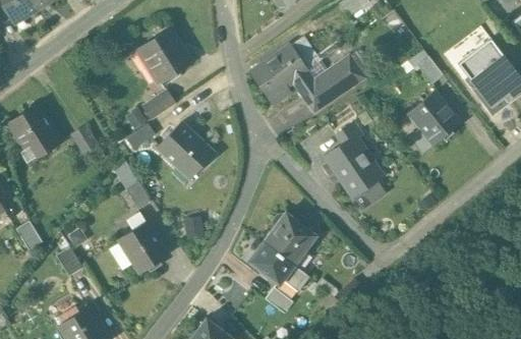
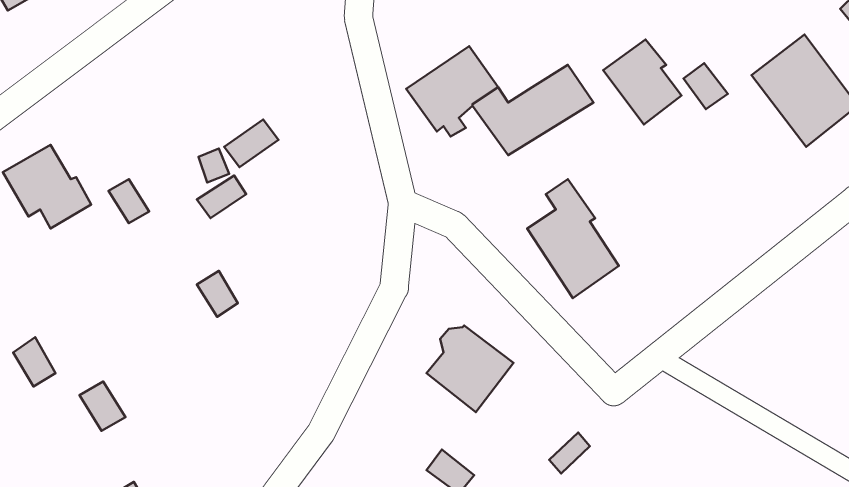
building: [141,29,193,82] -> none
building: [289,36,327,79] -> none
building: [407,93,454,144] -> [603,39,681,124]
building: [158,122,215,174] -> none
building: [119,223,168,274] -> none
building: [248,241,307,291] -> none

